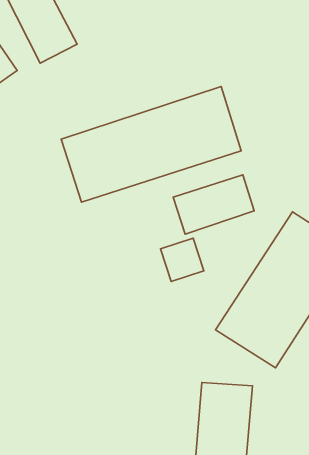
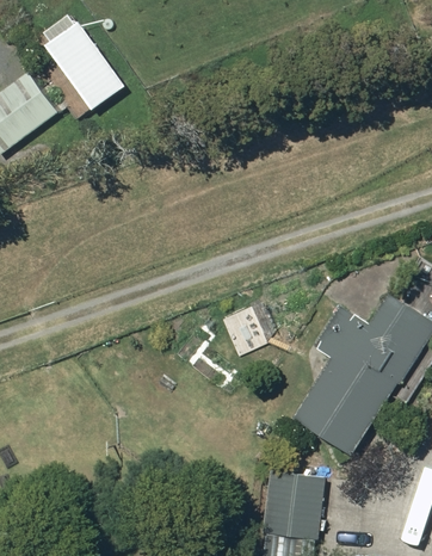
building: [61,87,241,202] -> none
building: [173,175,254,234] -> none

